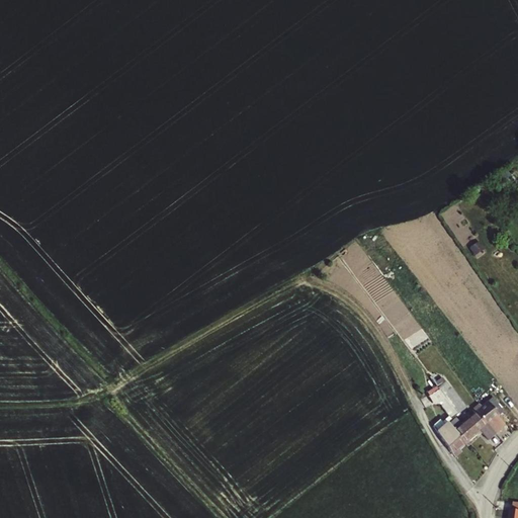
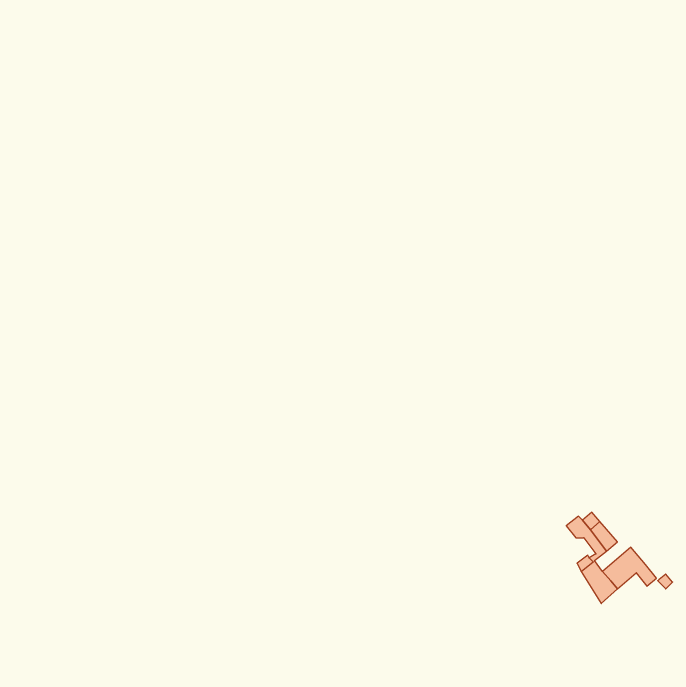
building: [476,399,505,435] -> none

